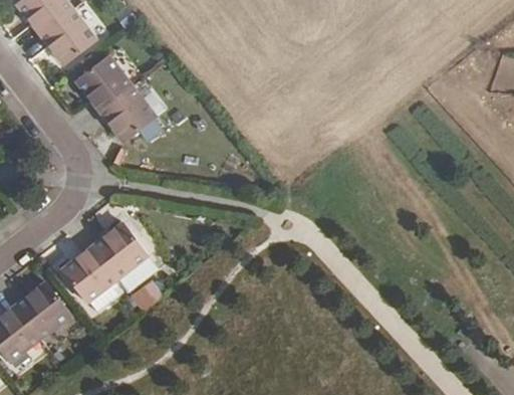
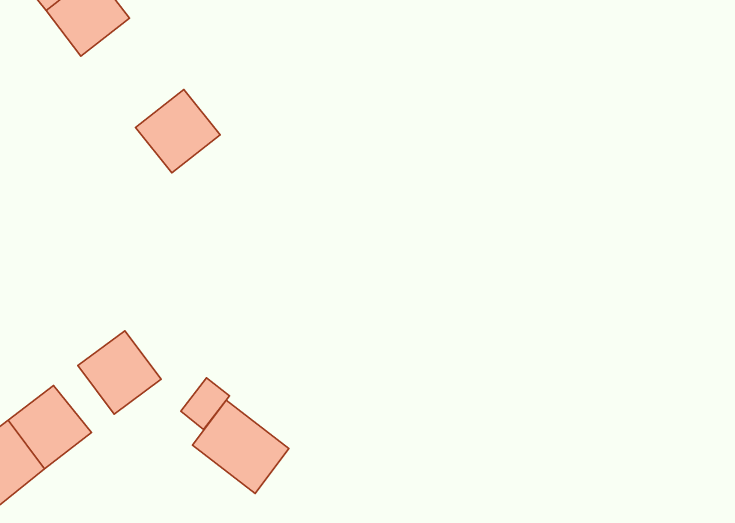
building: [76,56,132,112] -> none
building: [92,222,147,278] -> none
building: none -> [192,400,289,494]

